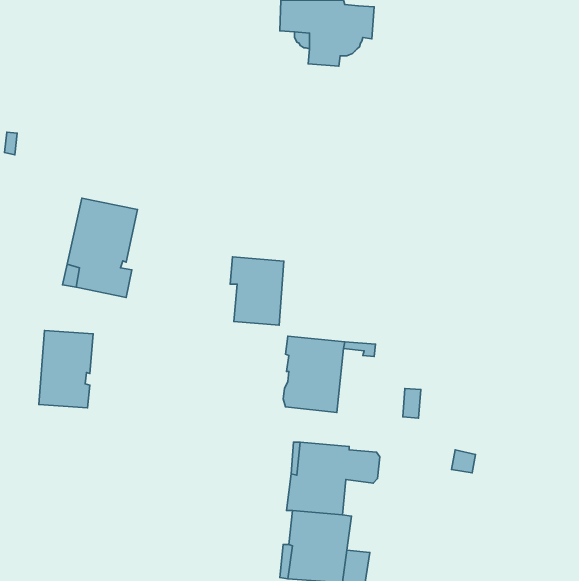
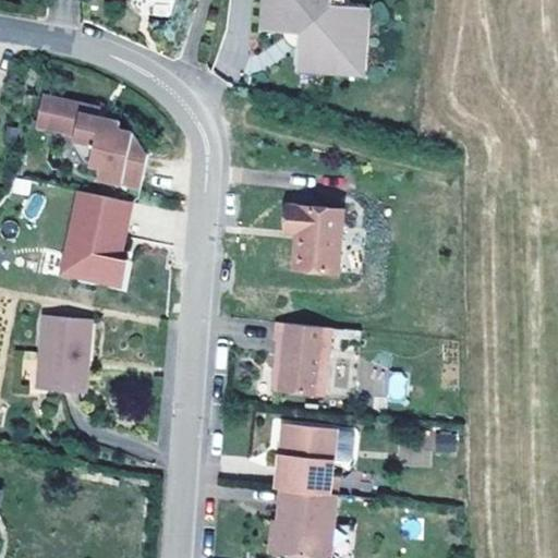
building: none -> [294,8,368,77]
building: none -> [35,96,147,190]
building: [230,257,284,325] -> [290,206,341,271]

